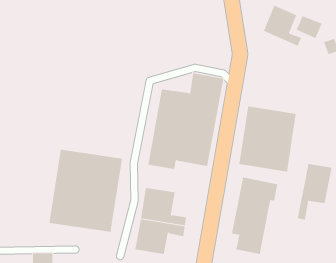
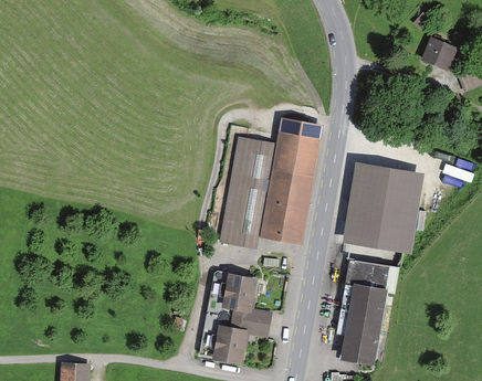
building: [263,5,302,46] -> none
building: [49,149,123,233] -> none
building: [297,163,332,221] -> none

